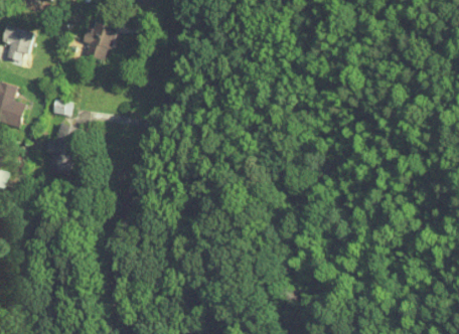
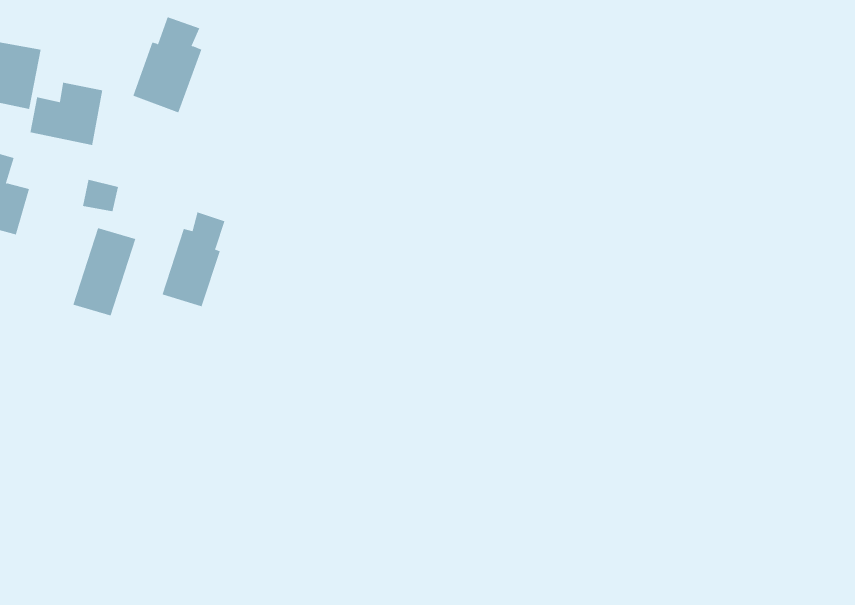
building: none -> [30,82,103,146]
building: none -> [162,211,225,307]

